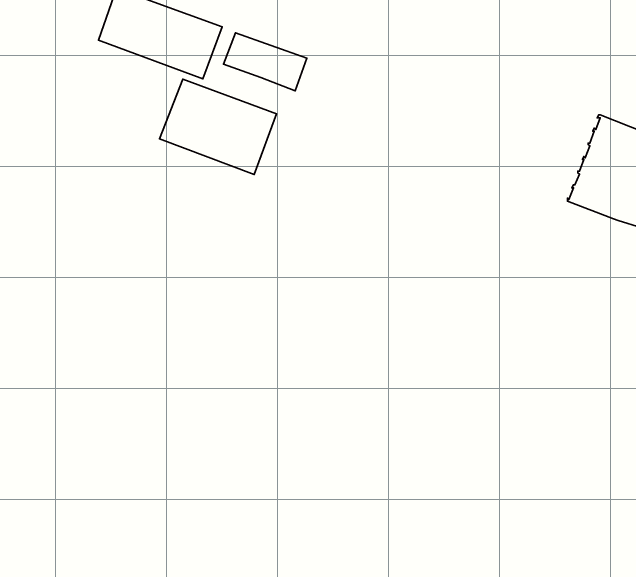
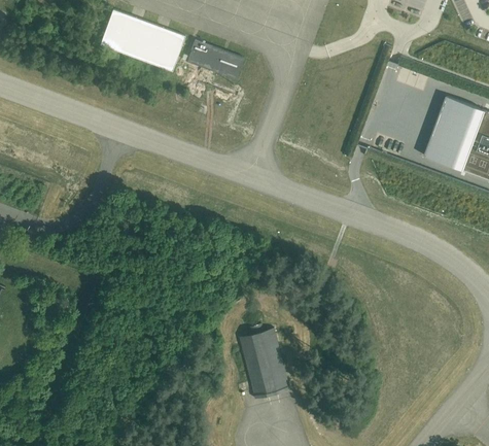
building: [159,79,277,174] -> none
building: none -> [239,323,289,399]

